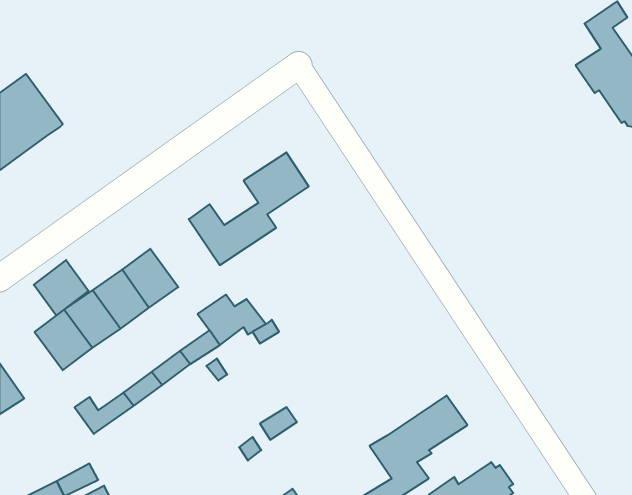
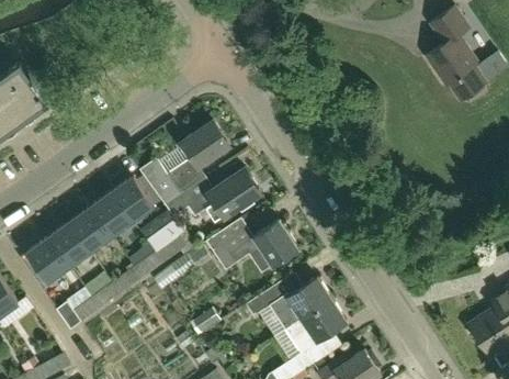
building: none -> [163,169,261,218]
building: none -> [112,176,155,221]
building: [34,260,89,316] -> none
building: none -> [207,219,298,269]
building: none -> [246,278,331,331]

